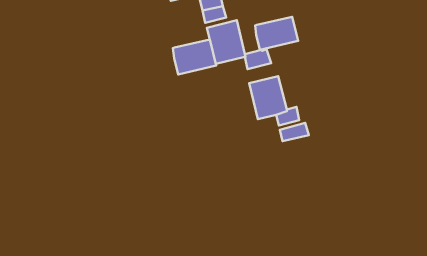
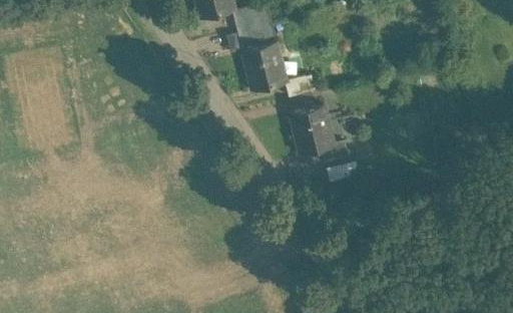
building: [255,17,298,50] -> none
building: [173,40,216,75] -> none

